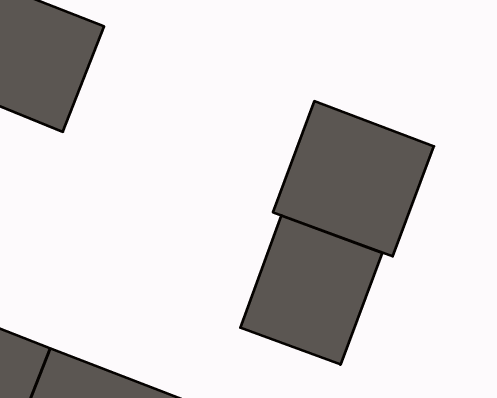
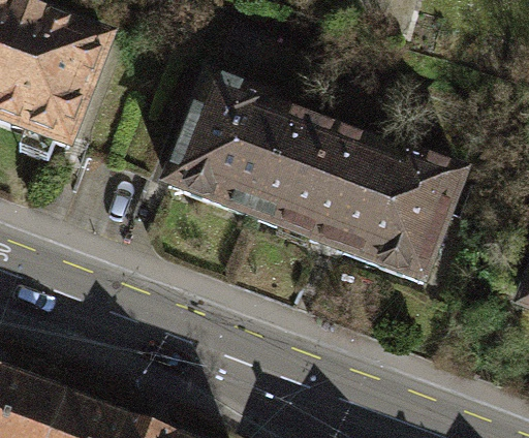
building: none -> [163,74,334,238]
building: [240,215,382,365] -> none

